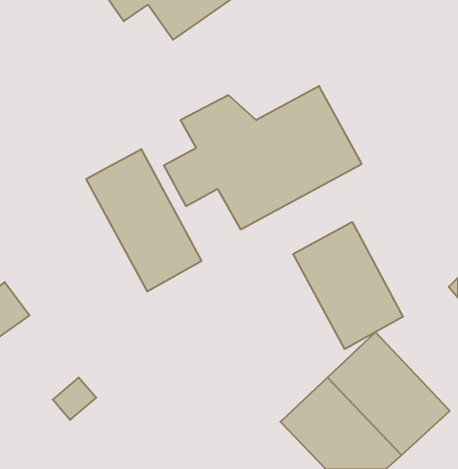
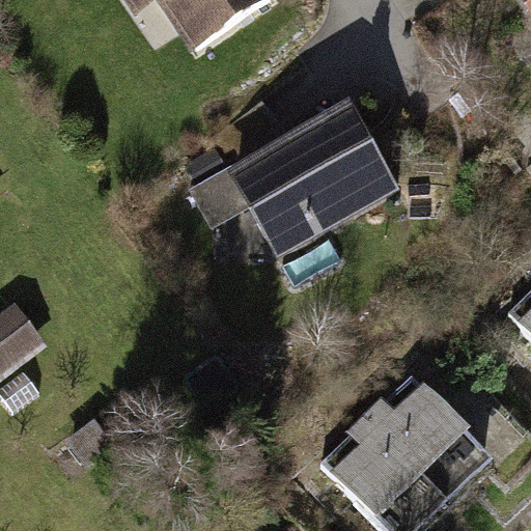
building: [86,149,201,291] -> none
building: [293,222,403,349] -> none

